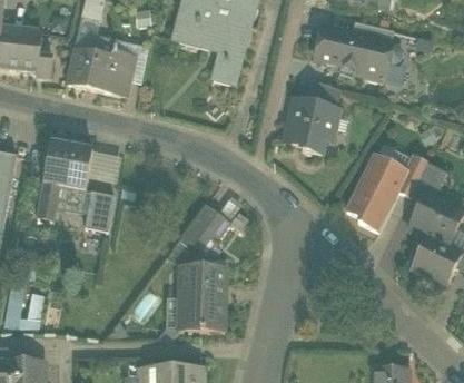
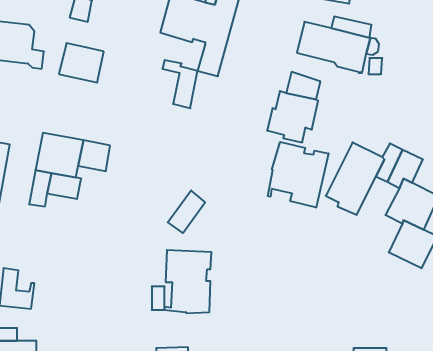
building: [97,46,134,96] -> [162,60,198,108]
building: none -> [268,142,329,208]
building: [85,190,115,232] -> none

